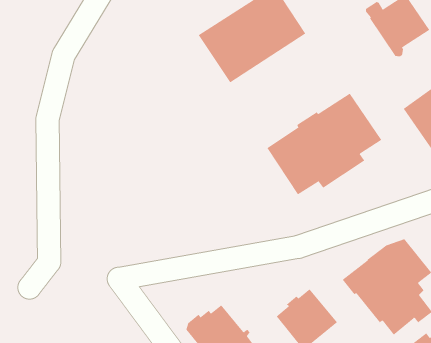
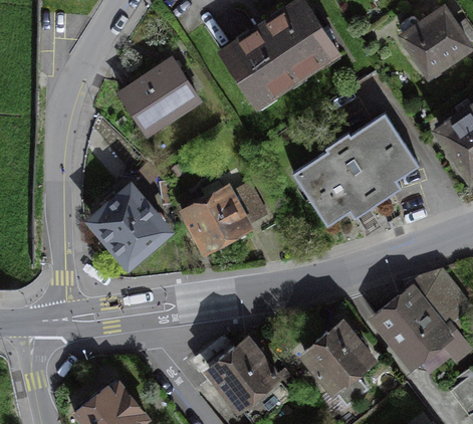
building: none -> [122,60,197,133]
building: none -> [185,179,265,247]
building: none -> [92,189,167,263]

